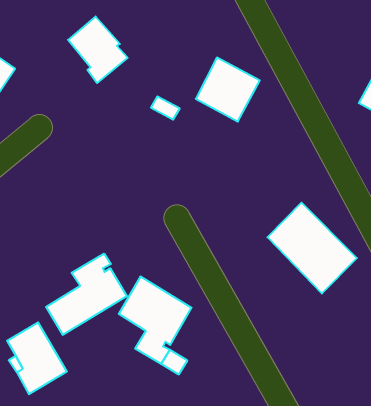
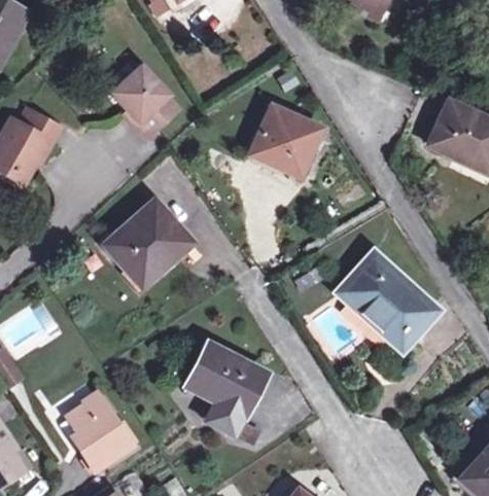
building: none -> [107,199,189,282]
building: [46,254,127,335] -> none

